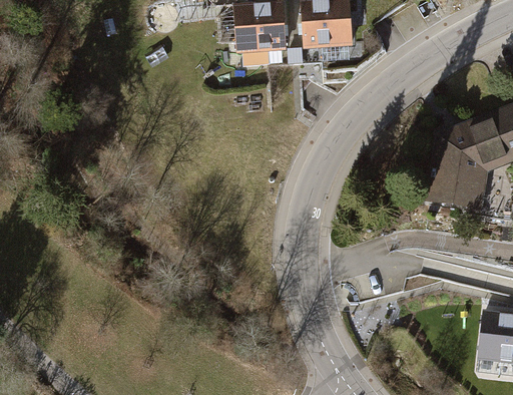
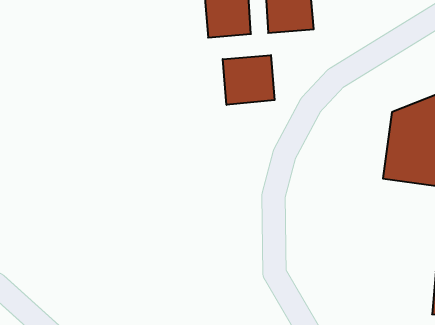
building: none -> [223,55,275,105]

